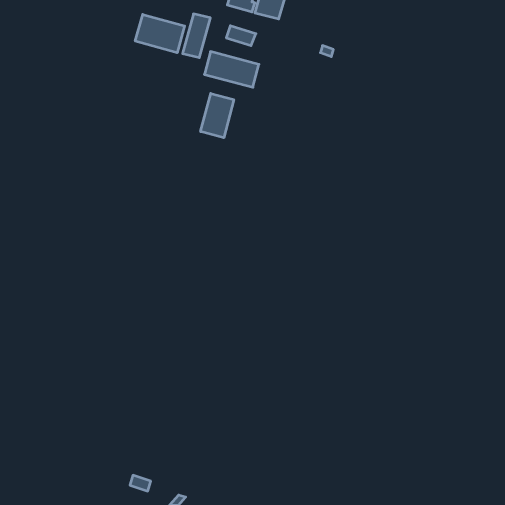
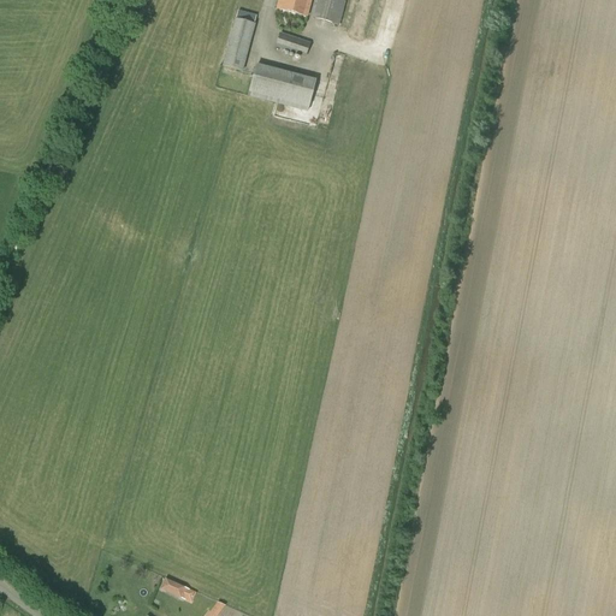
building: [135,14,185,53] -> none
building: [201,93,234,138] -> none

